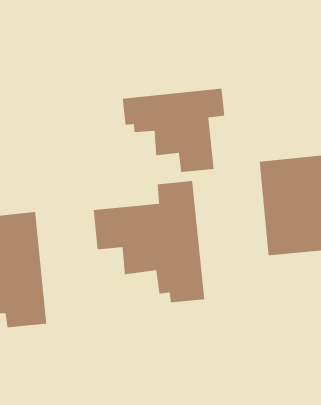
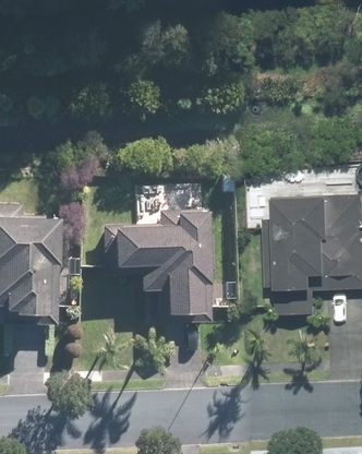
building: [122,88,225,173] -> none

